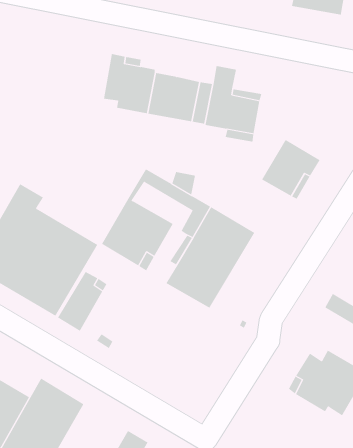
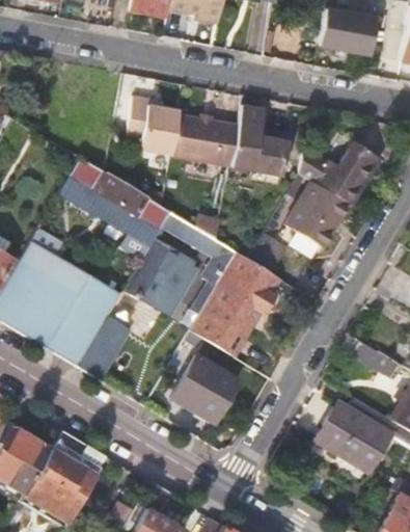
building: none -> [300,143,379,206]
building: none -> [61,160,169,244]
building: none -> [171,356,239,423]

